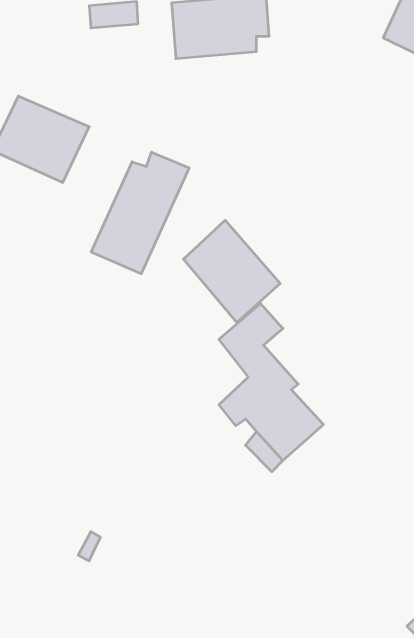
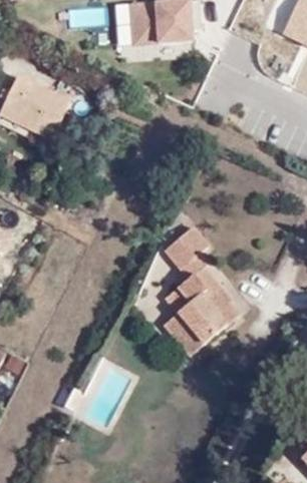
building: [91,152,189,274] -> none
building: [183,220,280,323] -> none

